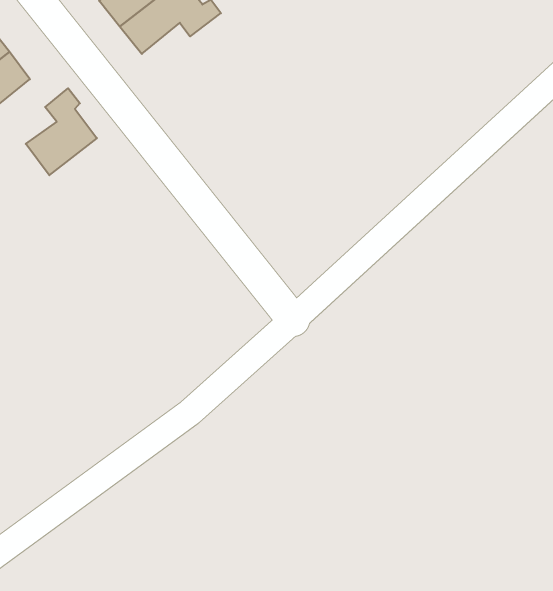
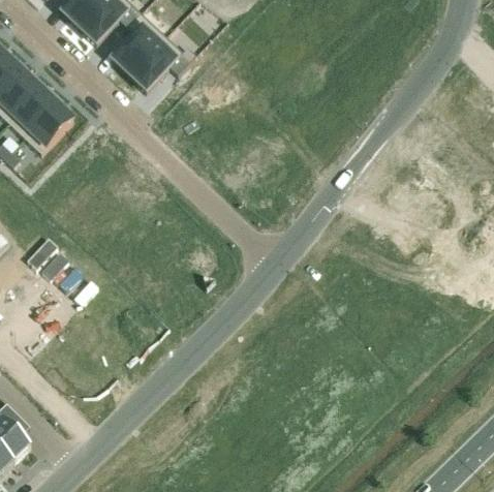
building: [26,88,97,175] -> none

